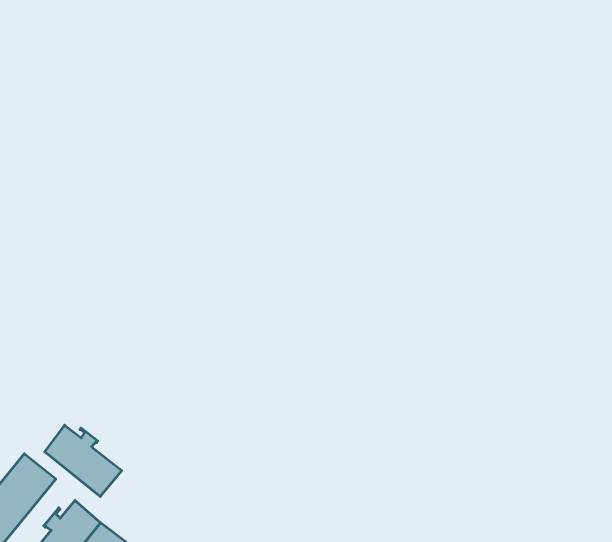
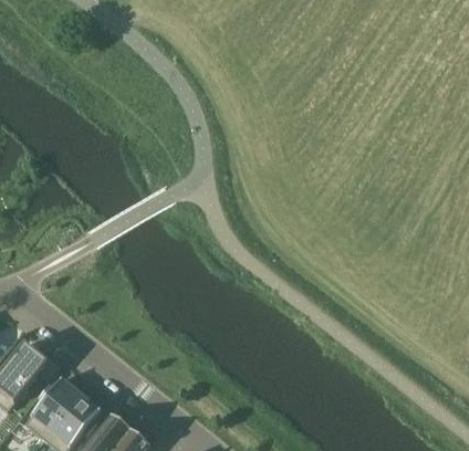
building: [45,425,122,497] -> none

